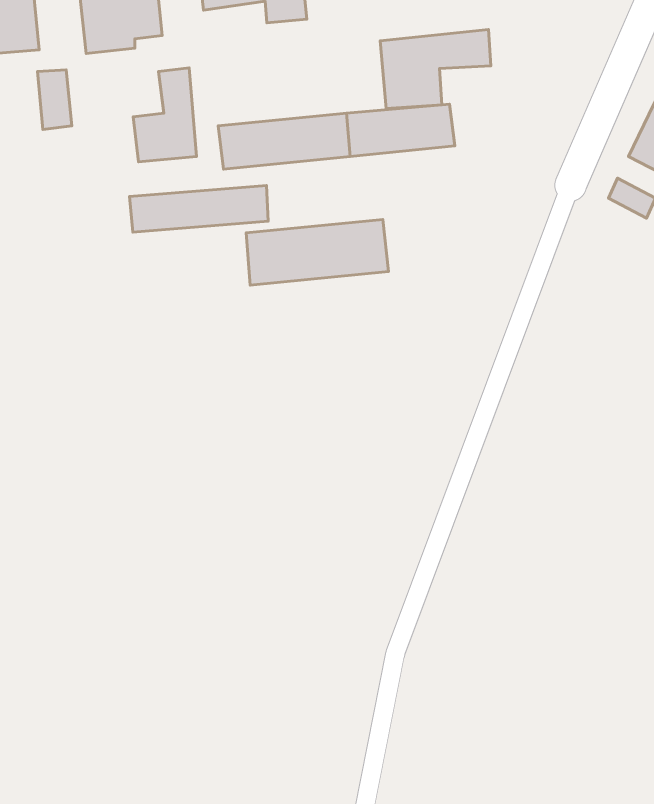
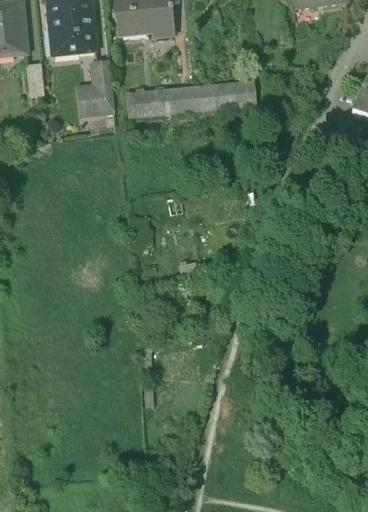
building: [380,30,491,108] -> none
building: [129,185,268,232] -> none
building: [246,220,389,285] -> none

